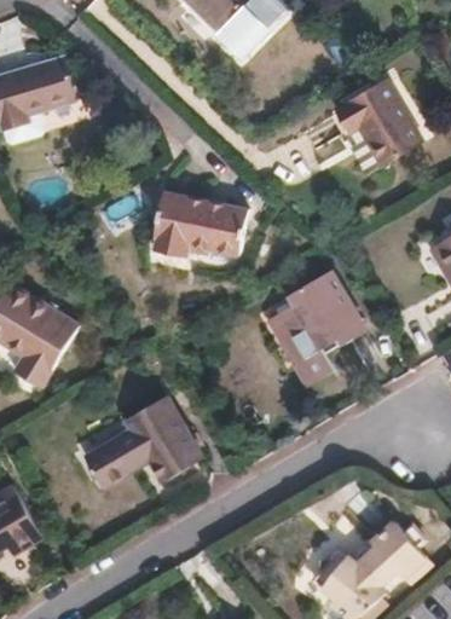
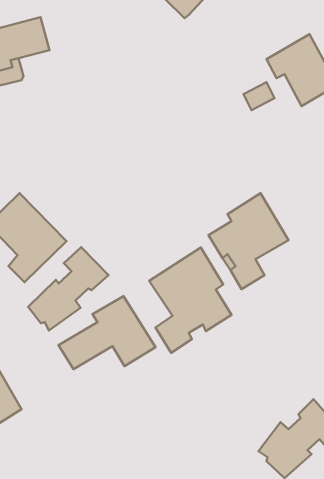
building: [151,193,245,259] -> none
building: none -> [28,247,108,331]
building: none -> [149,247,232,353]

